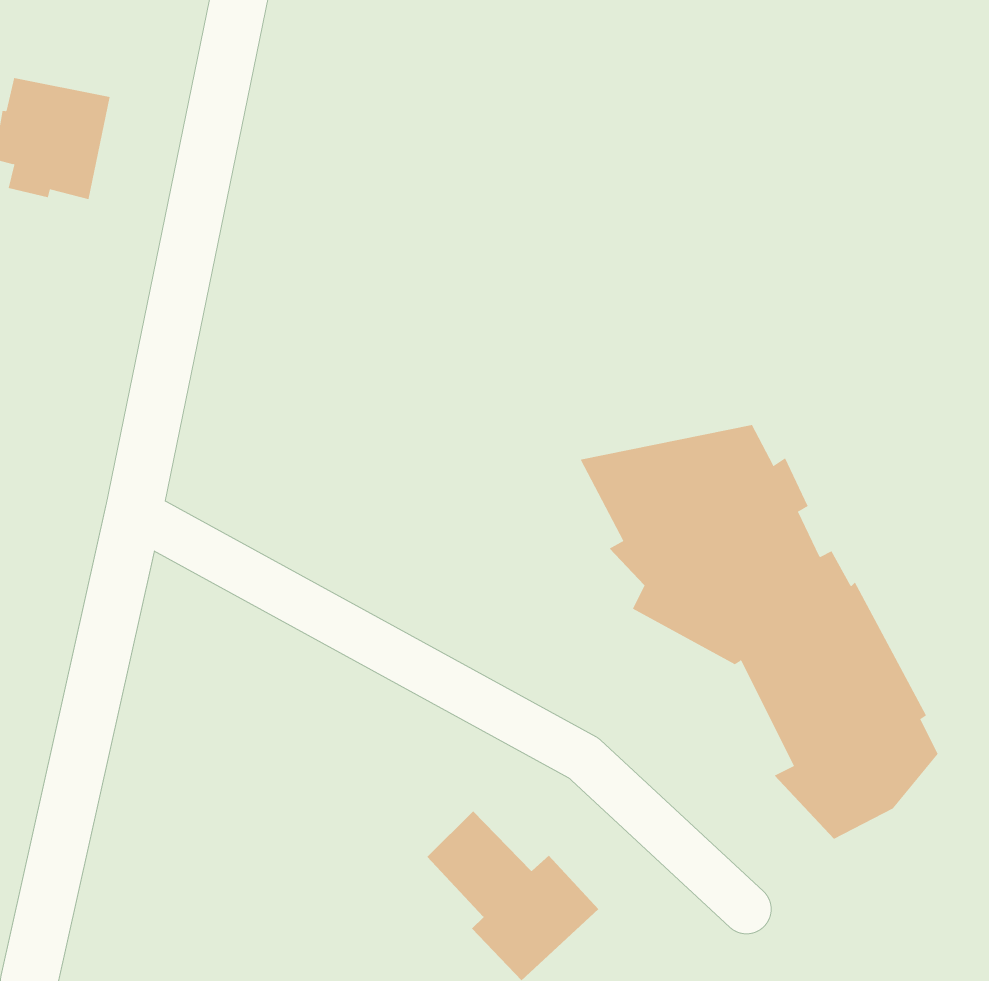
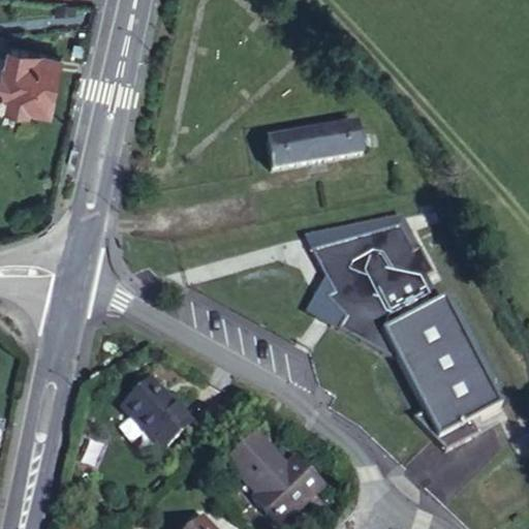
building: none -> [263,119,363,166]
building: none -> [119,377,188,448]

